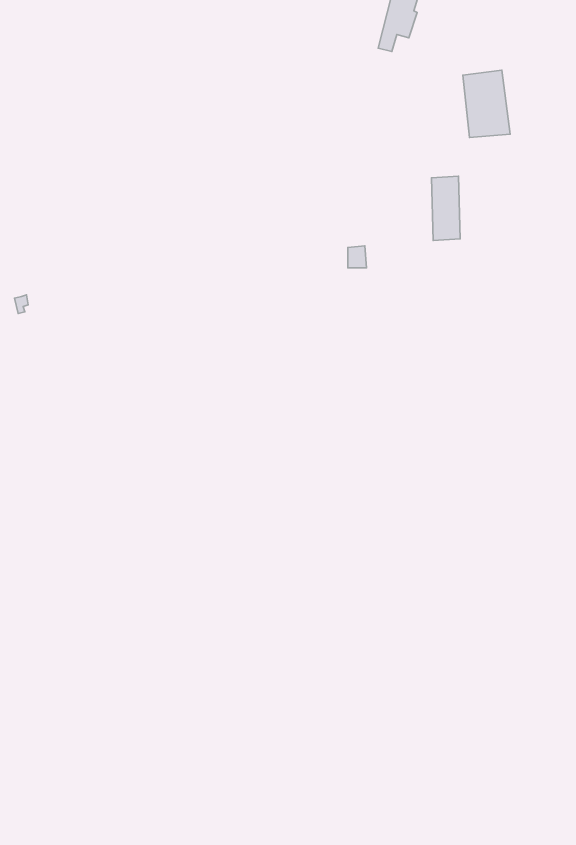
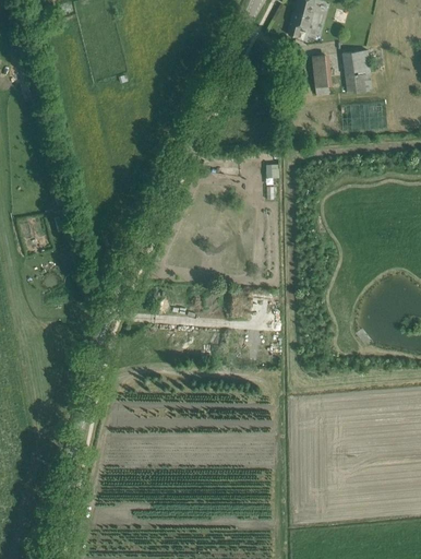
building: [431,176,460,240] -> [313,53,332,95]

